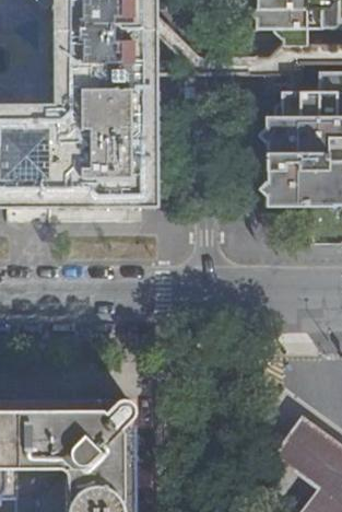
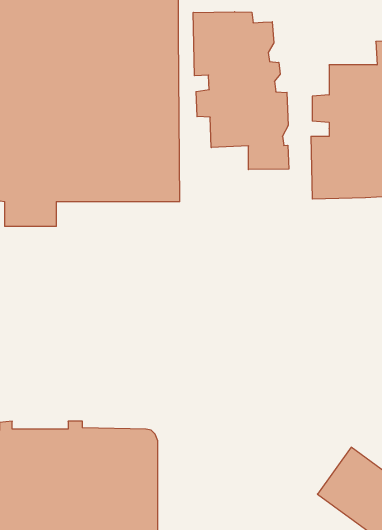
building: none -> [193,12,289,170]

